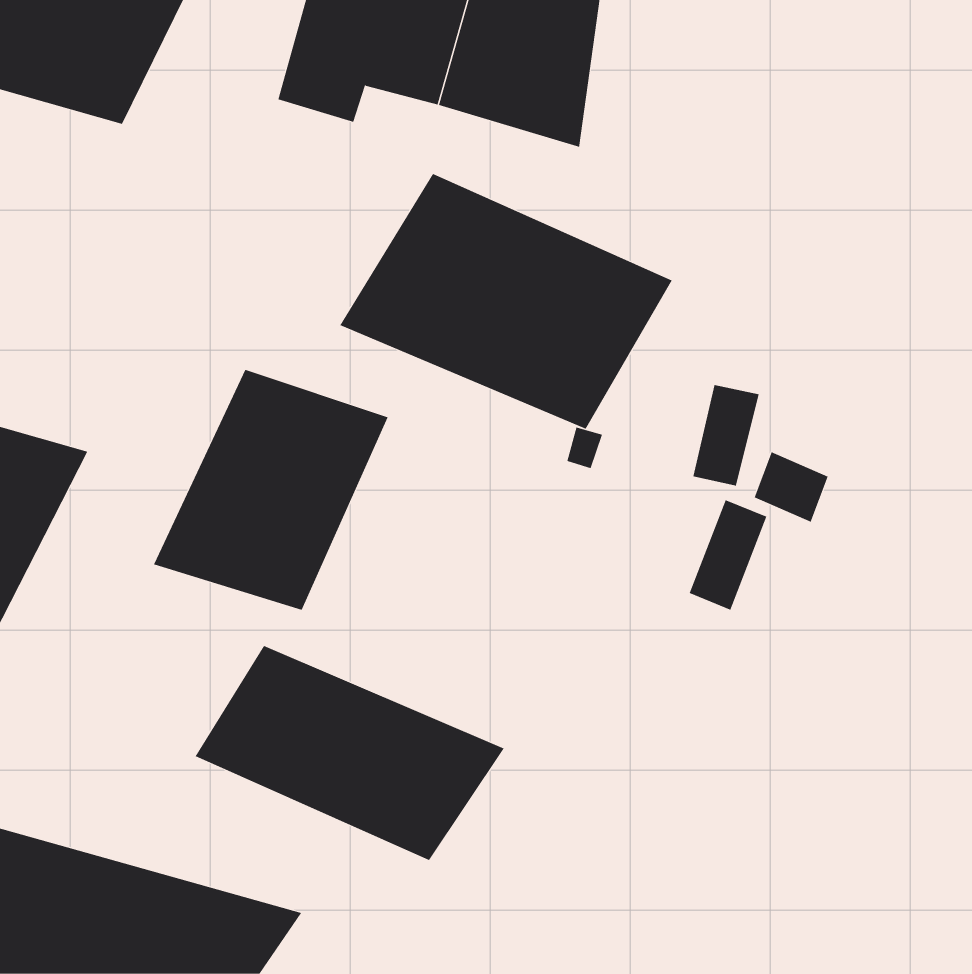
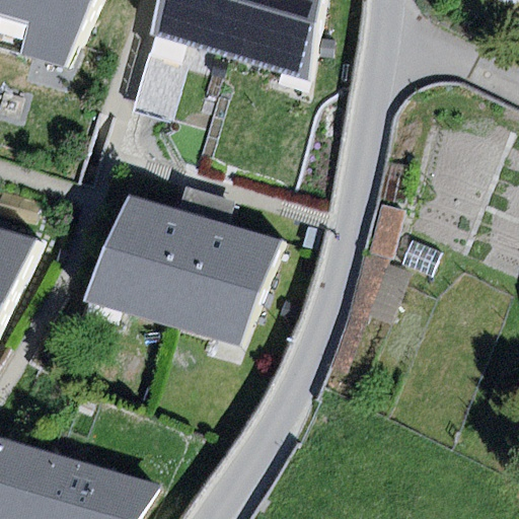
building: [340,173,673,430] -> none
building: none -> [160,221,281,344]
building: [195,645,505,861] -> none

